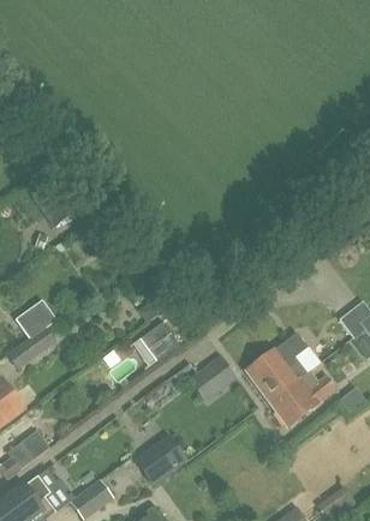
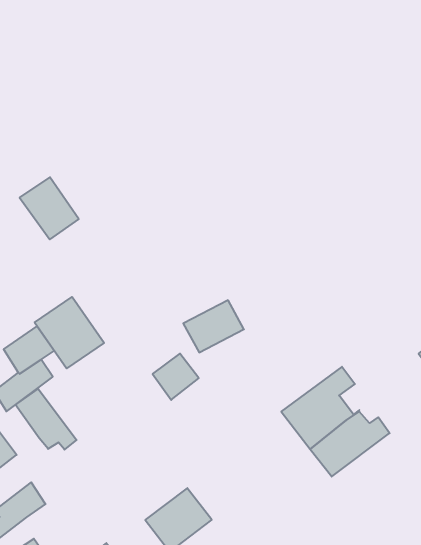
building: none -> [35,297,104,368]
building: none -> [16,389,77,450]
building: [192,354,243,397] -> [183,300,244,352]

